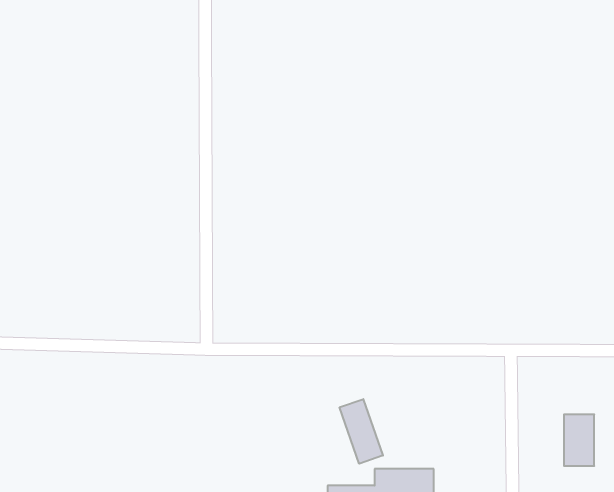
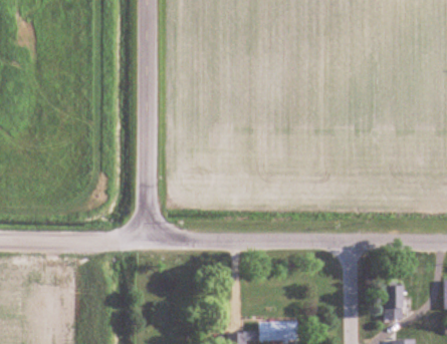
building: [340,399,383,464] -> none

